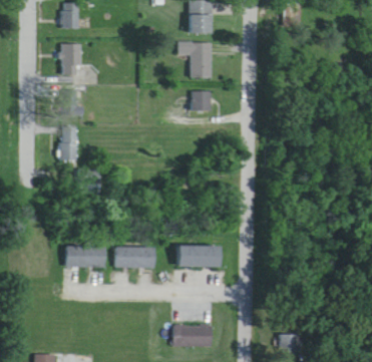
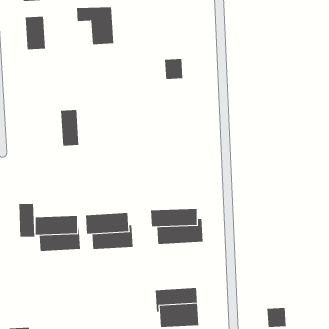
building: [178,43,213,79] -> [76,7,114,45]
building: [62,127,78,161] -> [60,109,79,146]
building: none -> [19,203,35,238]

